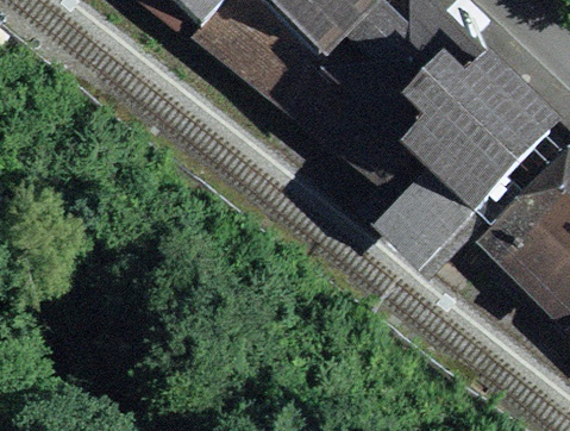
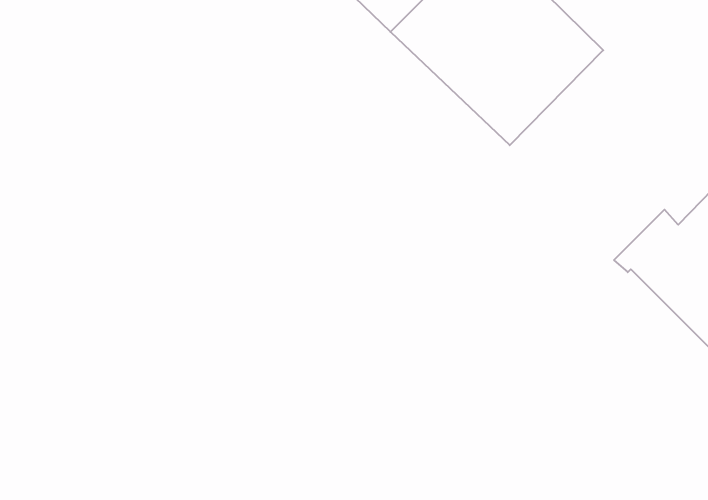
building: [414,62,550,196] -> none

